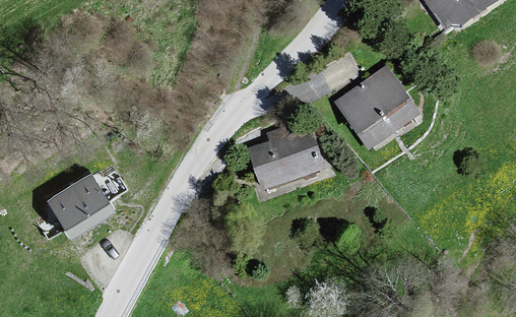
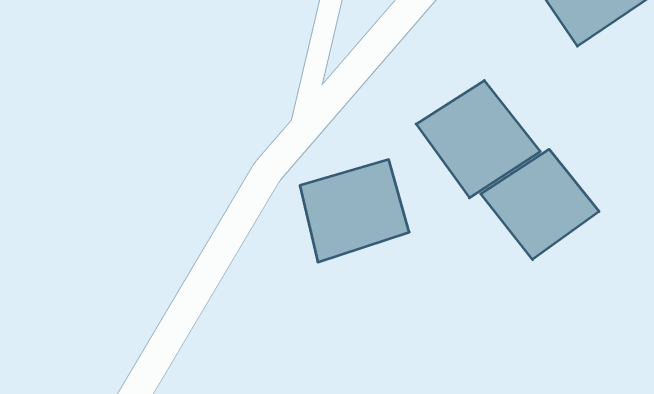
building: none -> [481,149,599,260]
building: [34,165,115,239] -> none

